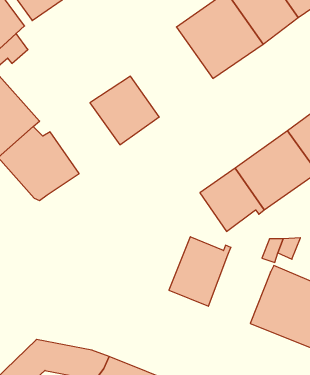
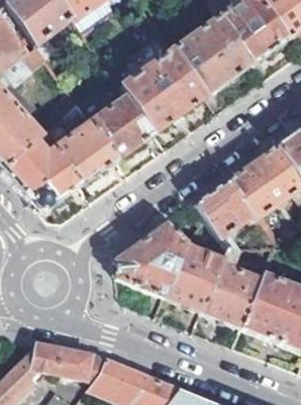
building: none -> [120,46,206,131]
building: none -> [53,118,118,185]
building: none -> [115,222,188,295]
building: none -> [202,262,261,326]

